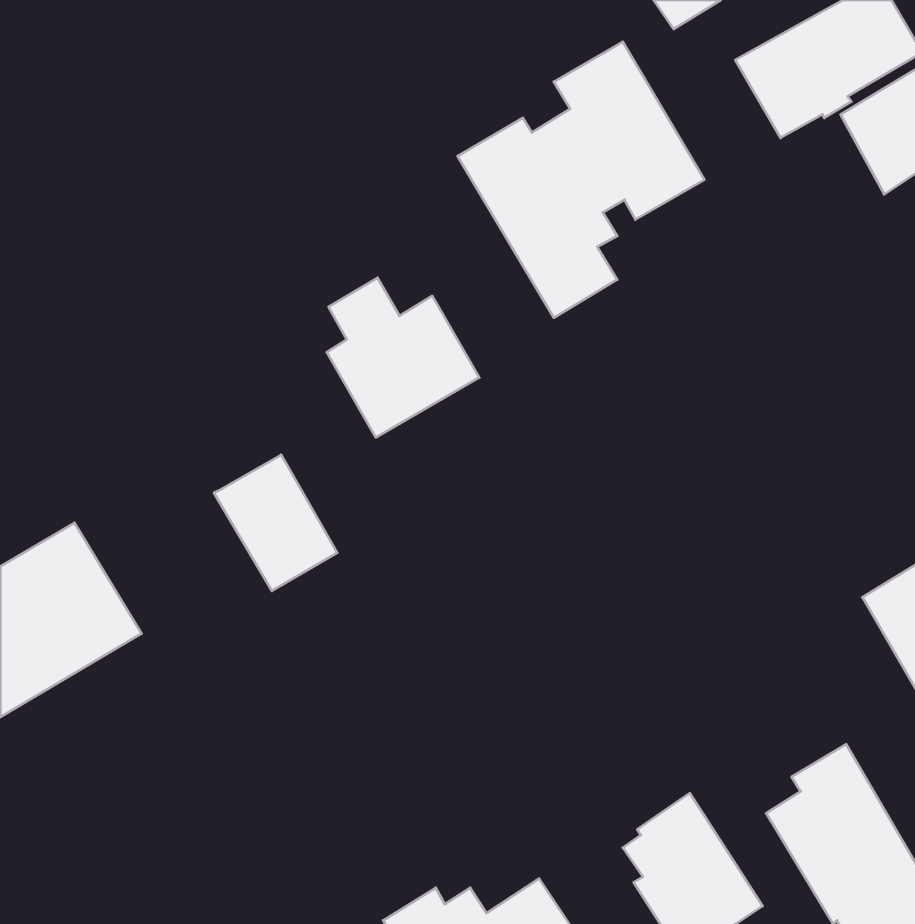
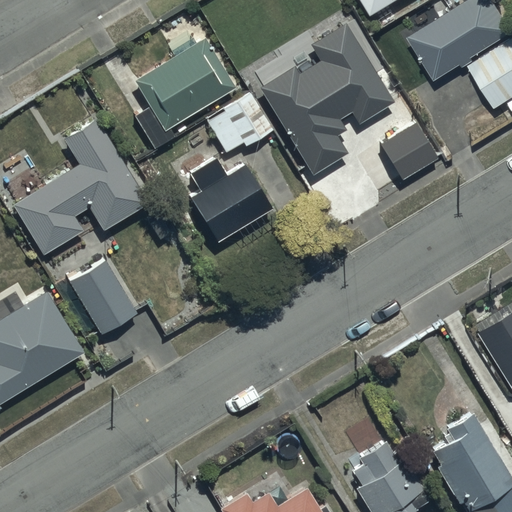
building: none -> [135,37,236,151]
building: none -> [207,93,274,152]
building: none -> [12,117,148,257]
building: none -> [380,123,437,180]
building: [214,455,337,591] -> [69,260,137,335]

